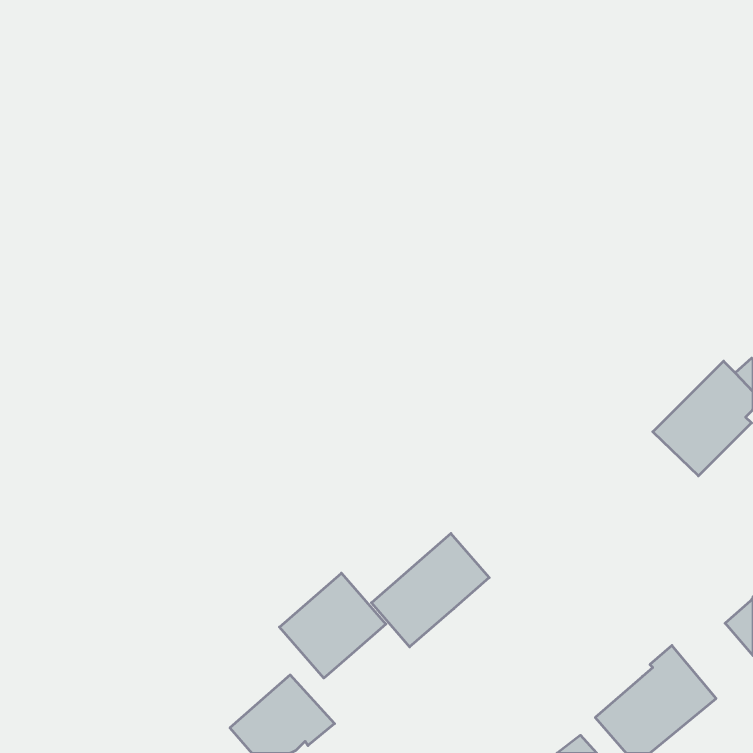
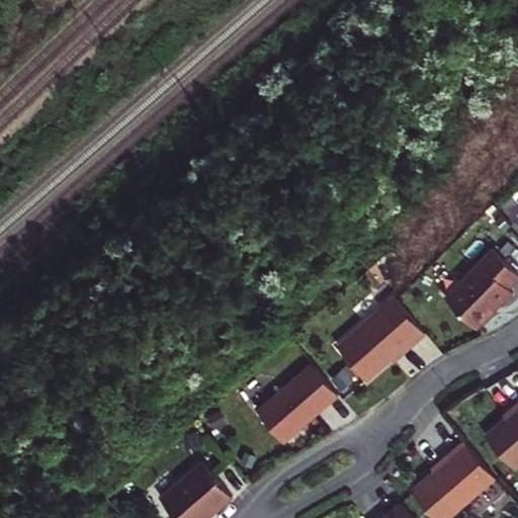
building: none -> [339,300,426,386]
building: [279,573,386,678] -> none

